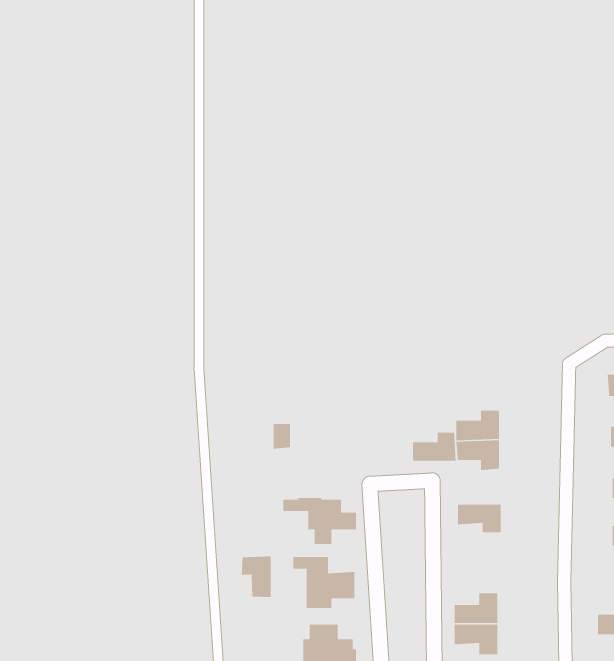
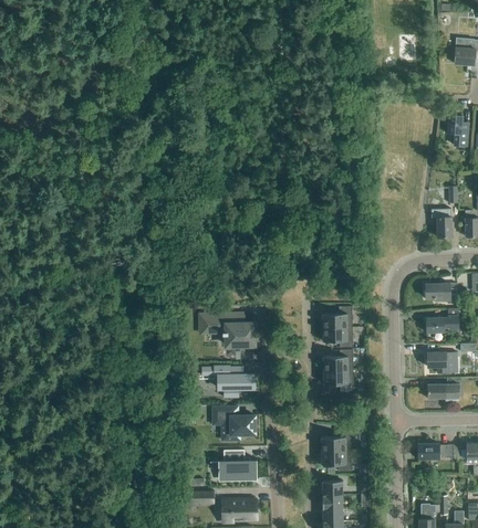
building: none -> [219,315,254,347]
building: [412,432,457,461] -> [323,350,353,370]
building: [241,556,272,598] -> none

